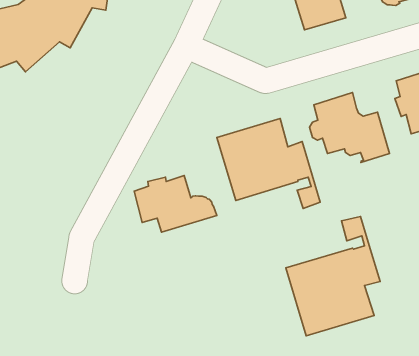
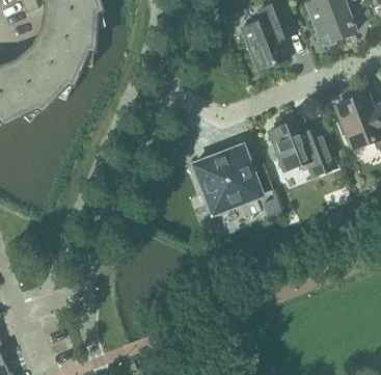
building: [134,175,217,232] -> none
building: [286,216,380,336] -> none

